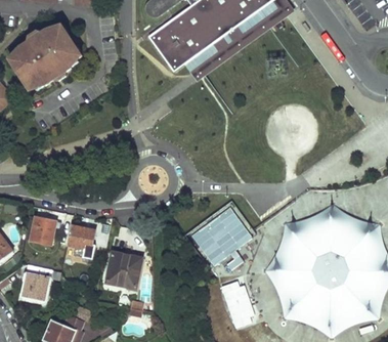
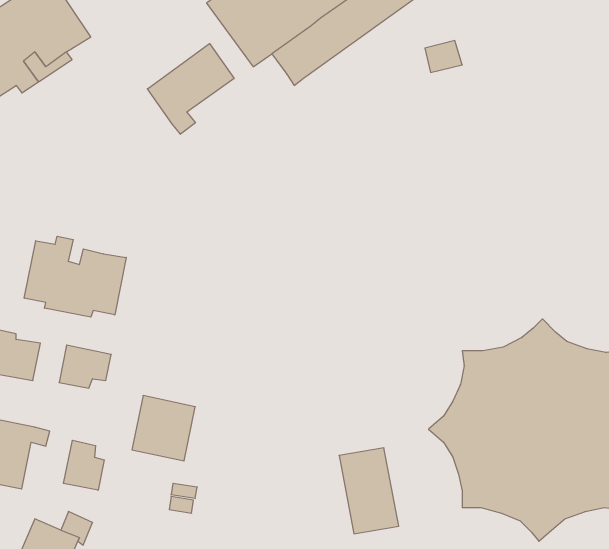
building: none -> [147,44,234,134]
building: none -> [24,236,126,317]
building: [190,207,252,265] -> none
building: none -> [63,440,104,490]

